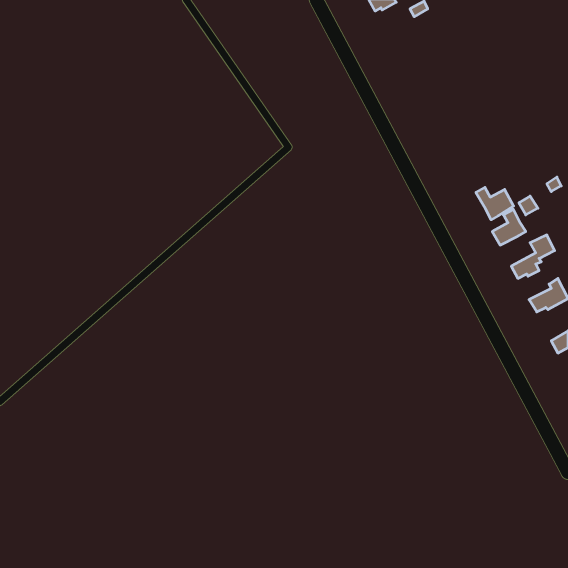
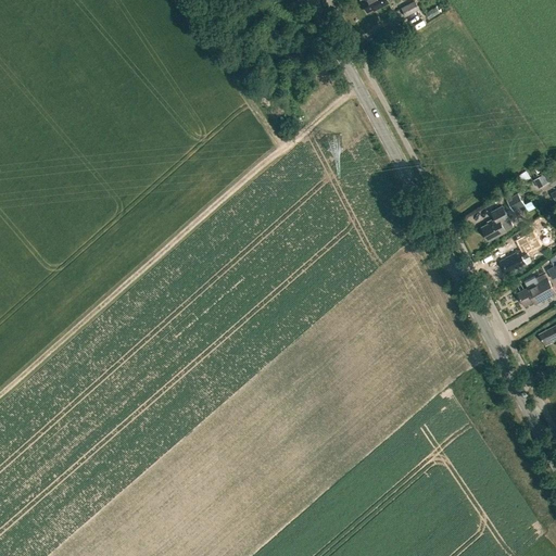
building: [476,187,514,220] -> none

